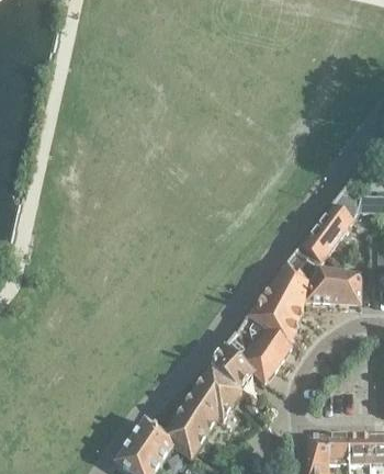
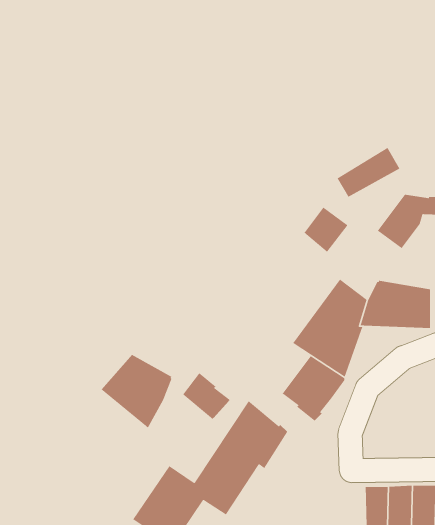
building: none -> [337,147,401,198]
building: [300,223,337,261] -> [303,206,348,253]
building: none -> [101,354,173,429]
building: [210,345,250,384] -> [182,372,231,420]

